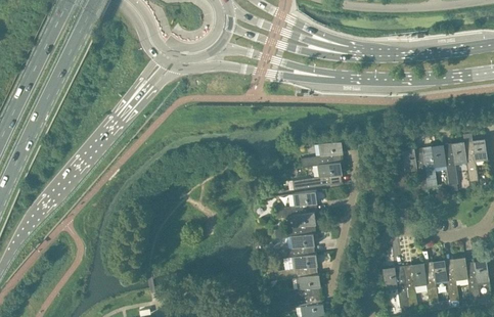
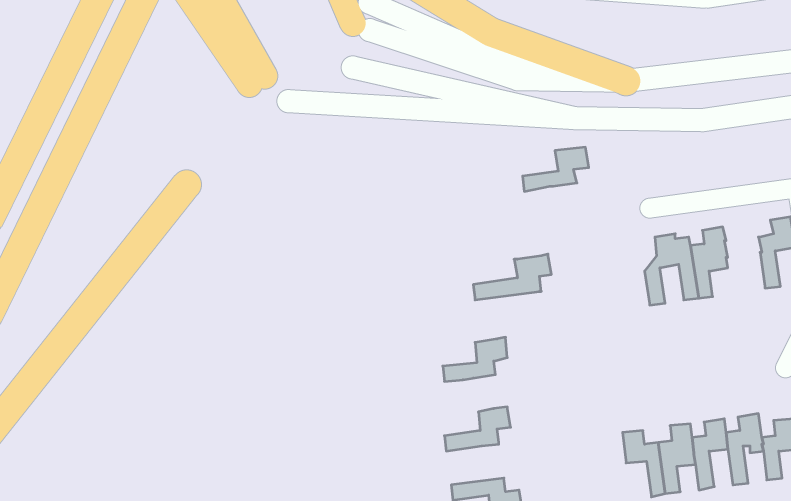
building: [302,140,342,167] -> [523,147,589,191]
building: [445,141,467,184] -> none
building: [276,190,316,217] -> none
building: [273,232,313,259] -> none
building: [279,273,319,300] -> none

